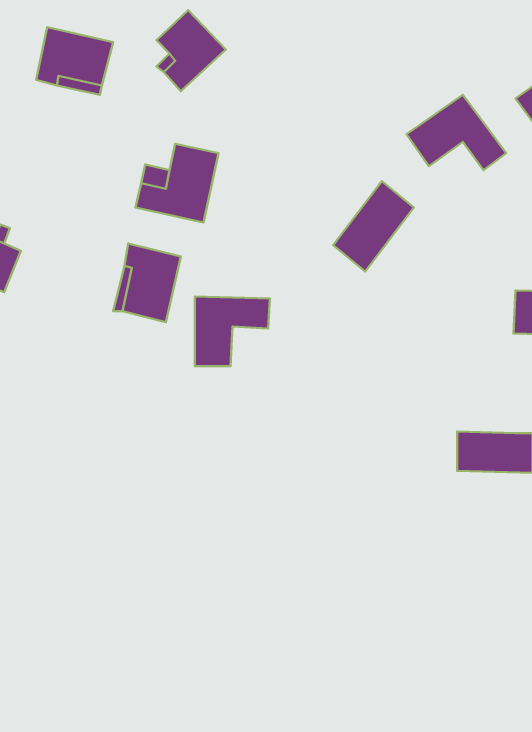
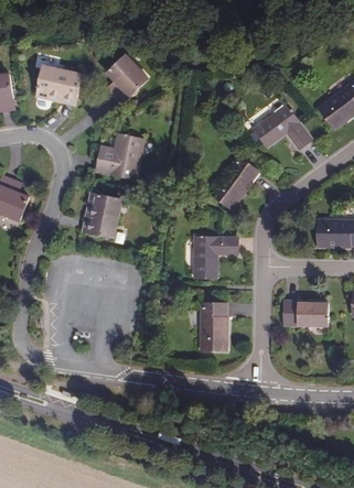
building: [195,297,270,366] -> [194,236,238,276]
building: none -> [200,302,226,350]

